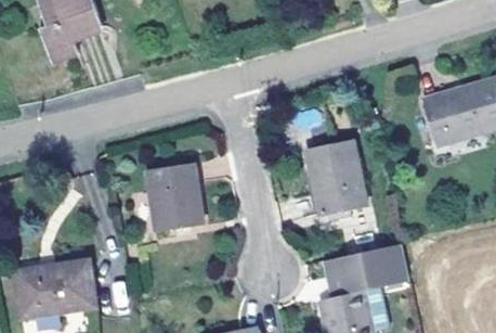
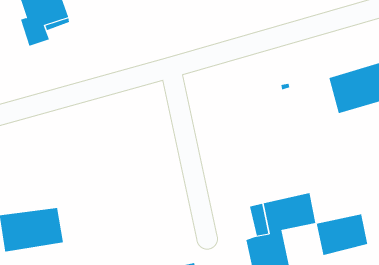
building: [306,139,365,215] -> none
building: [146,163,203,231] -> none
building: none -> [316,213,368,256]

